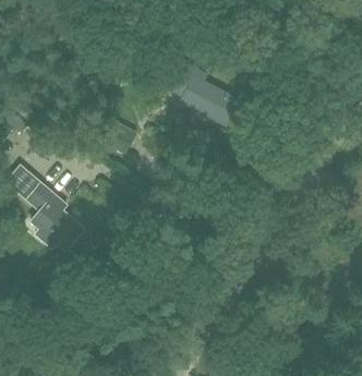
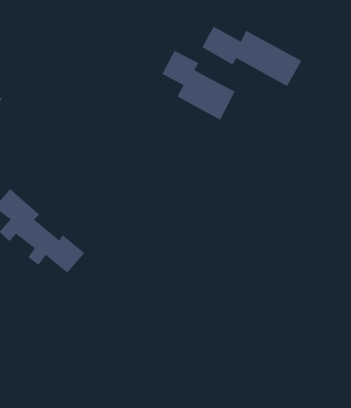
building: none -> [201,26,302,87]

